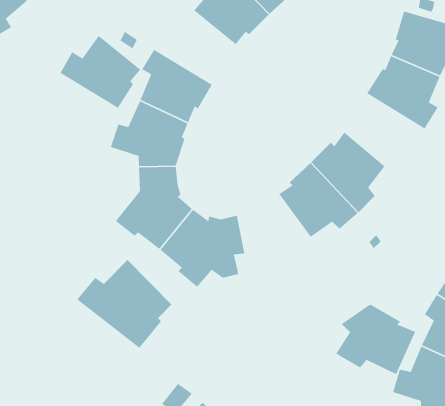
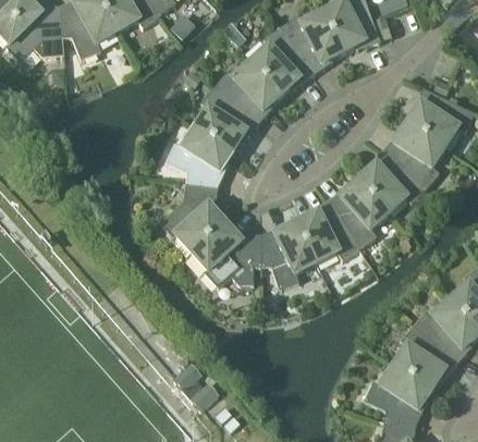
building: [59,35,141,109] -> [213,61,281,124]
building: none -> [358,151,425,213]
building: none -> [260,222,317,288]
building: [76,259,172,349] -> none
building: [335,303,416,375] -> none

